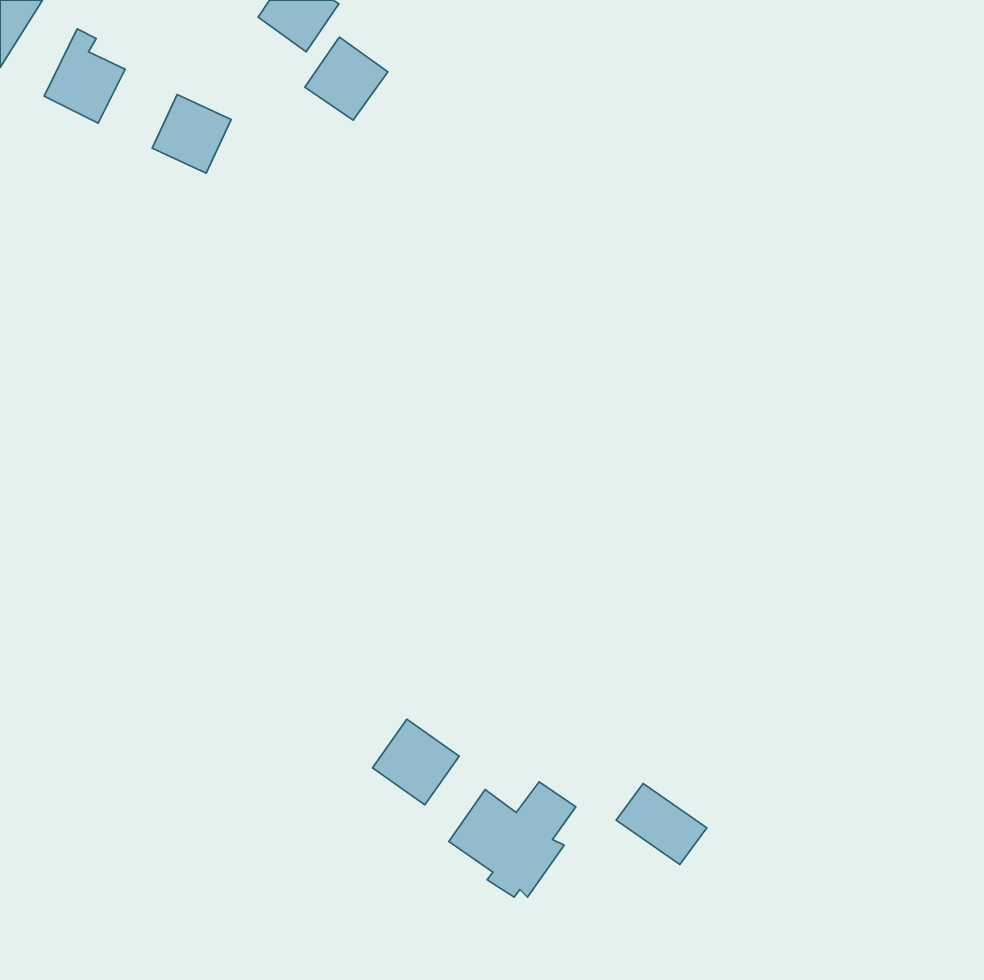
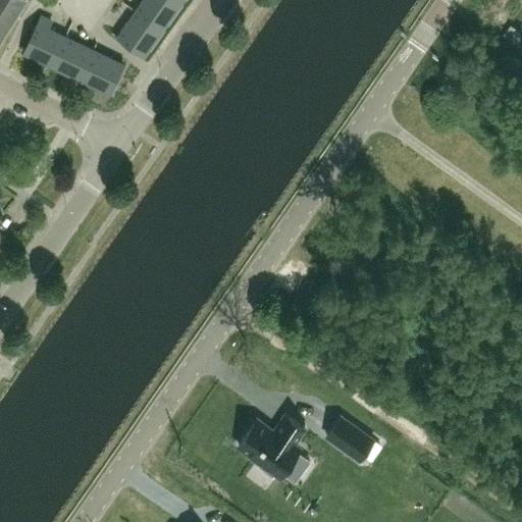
building: [305,37,388,120] -> [118,11,162,55]
building: none -> [52,39,94,81]
building: [373,719,459,805] -> none

